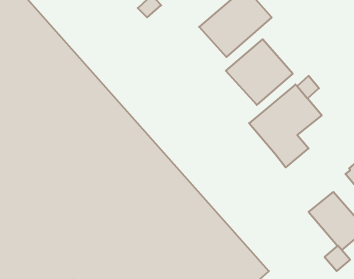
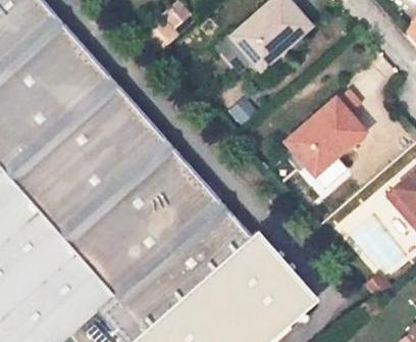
building: [226,39,293,105] -> none

